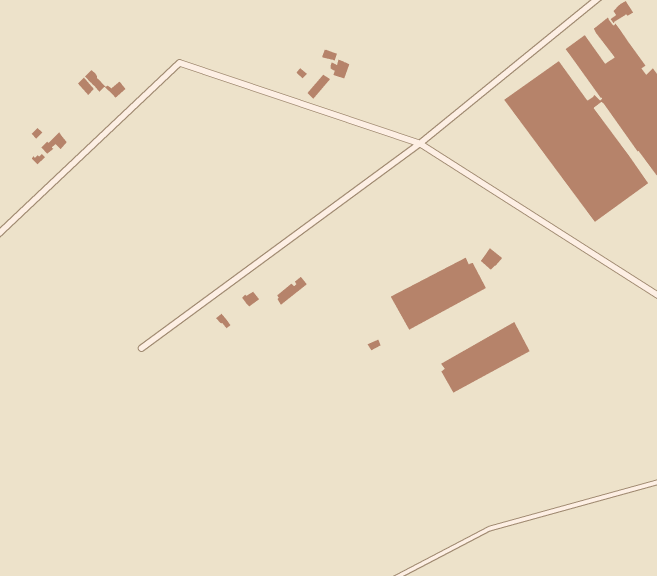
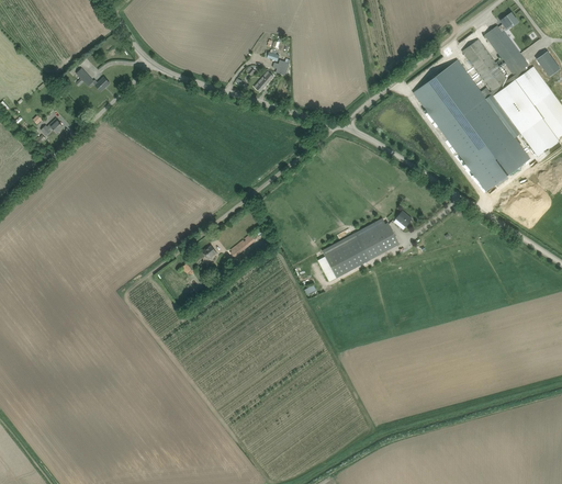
building: [440,321,530,394] -> none

